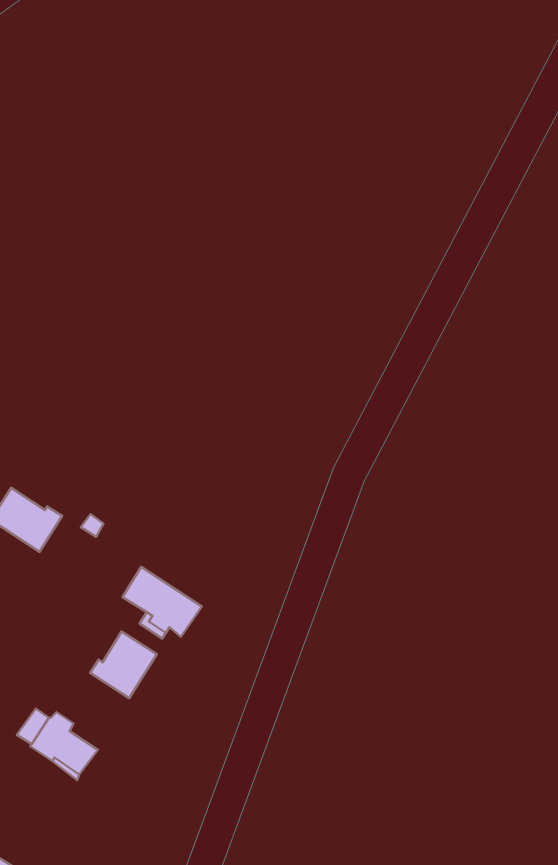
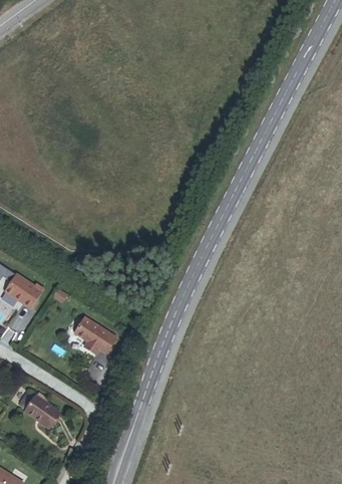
building: [90,631,157,698] -> none

